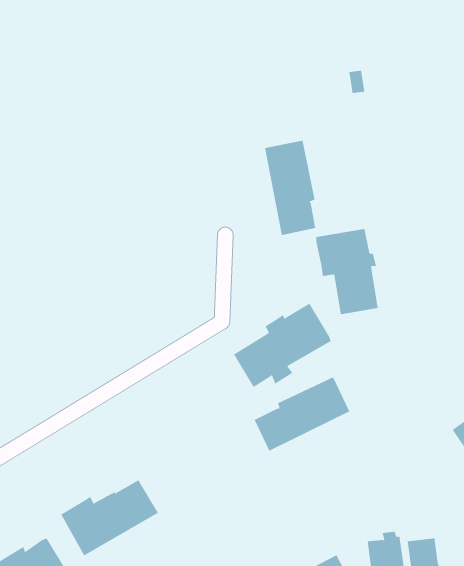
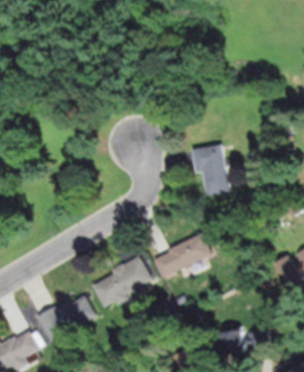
building: [265,140,316,236] -> none
building: [233,303,332,388] -> [93,255,152,307]

